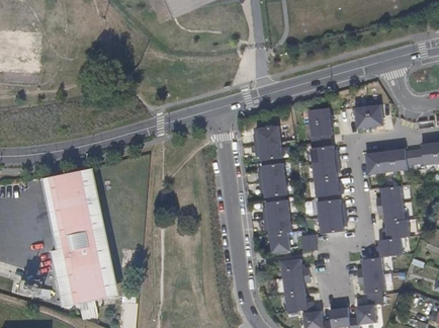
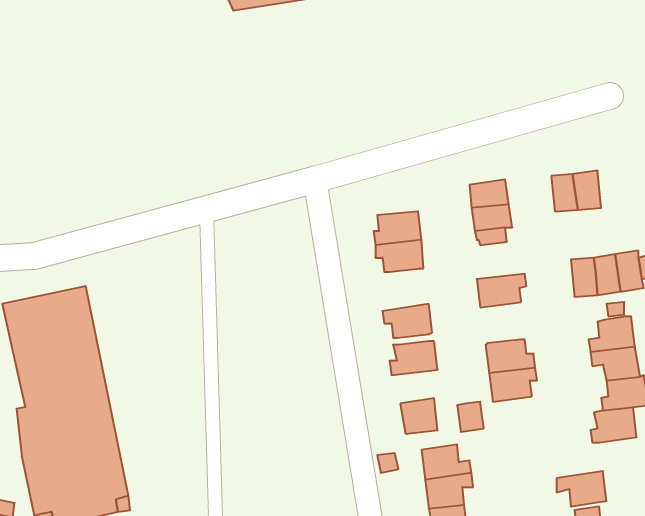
building: [311,145,340,164] -> none
building: [258,162,285,182] -> none
building: [315,177,343,197] -> none
building: [264,216,292,235] -> none
building: [357,257,384,277] -> none

